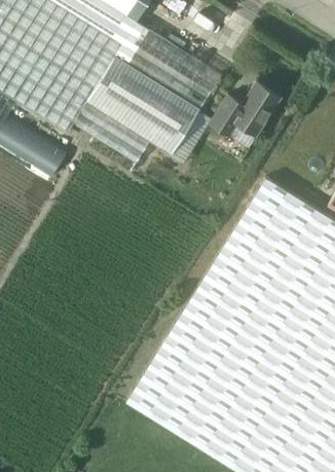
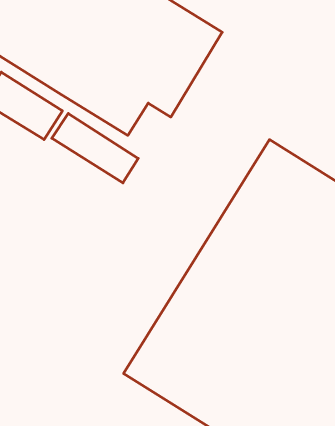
building: [209,81,281,147] -> none
building: none -> [52,113,138,183]

